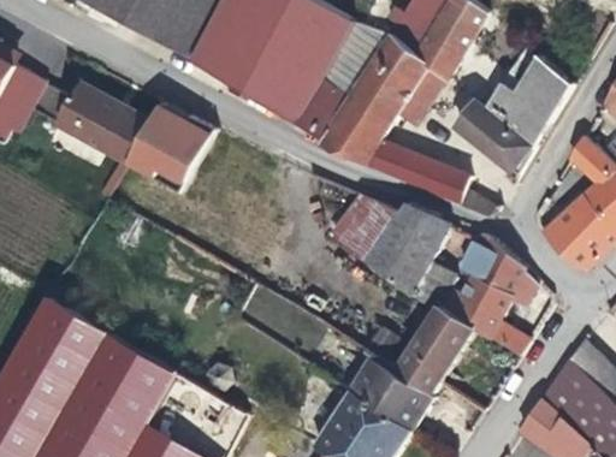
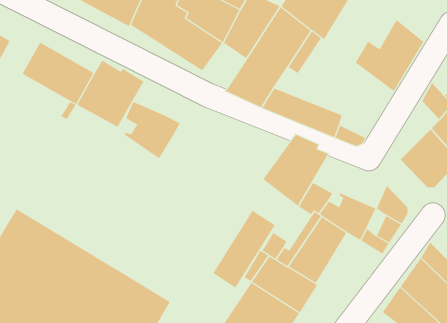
building: [289,84,345,141] -> none
building: [455,101,534,174] -> none
building: none -> [124,101,181,159]
building: [332,195,401,259] -> none
building: [458,233,525,296] -> none
building: none -> [212,210,276,288]

